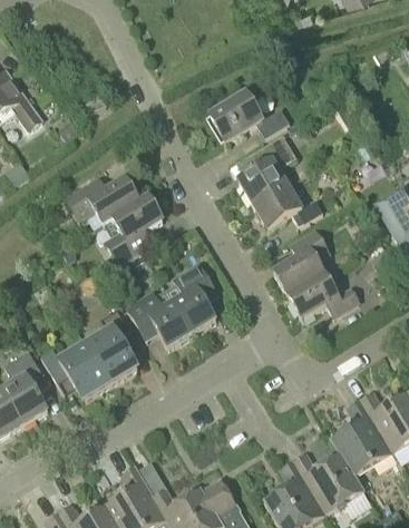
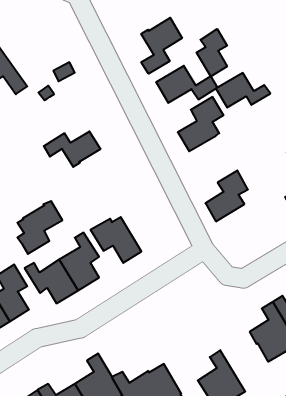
building: none -> [141,18,182,74]
building: none -> [197,29,227,77]
building: [252,184,322,228] -> [216,73,270,107]
building: [104,195,162,263] -> [17,201,62,254]
building: [164,263,214,333] -> none
building: [286,272,358,317] -> none
building: [292,451,363,514] -> none

